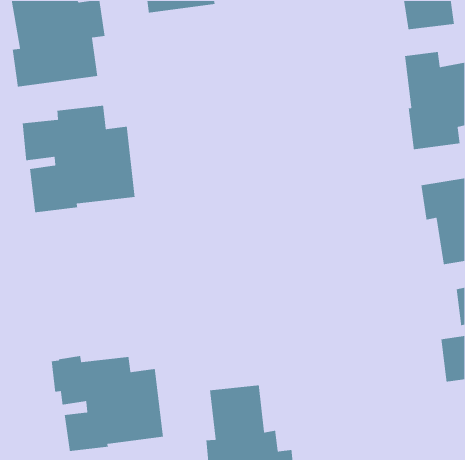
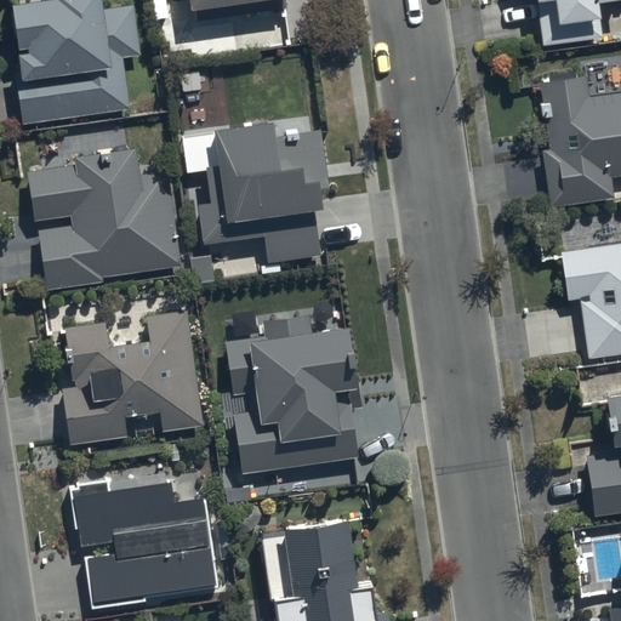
building: none -> [194,118,330,264]
building: none -> [63,310,204,445]
building: none -> [226,315,361,472]

